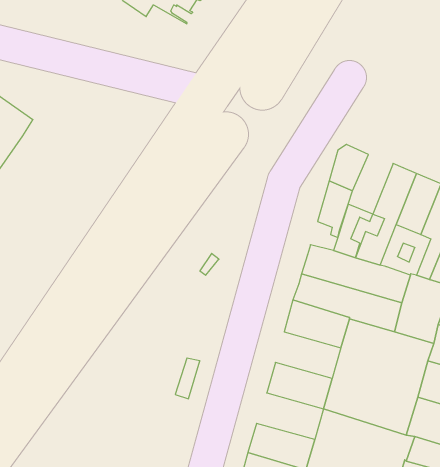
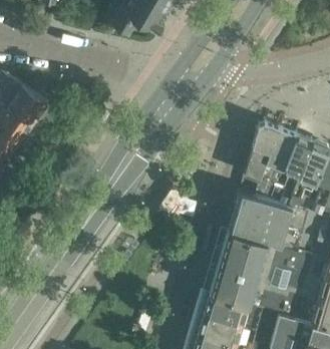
building: none -> [265,128,296,169]
building: none -> [215,251,260,283]
building: none -> [202,293,248,325]

